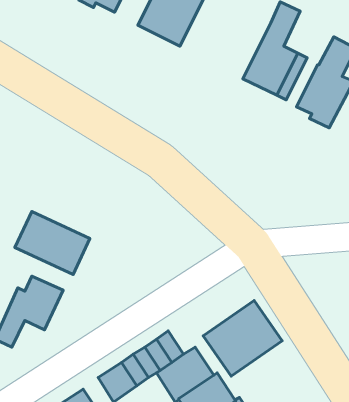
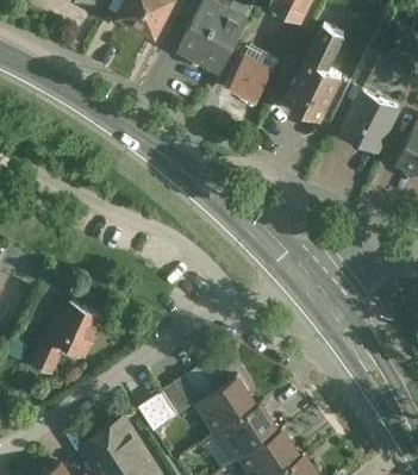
building: none -> [230,58,270,100]
building: [15,211,90,275] -> none
building: [203,301,282,376] -> none

